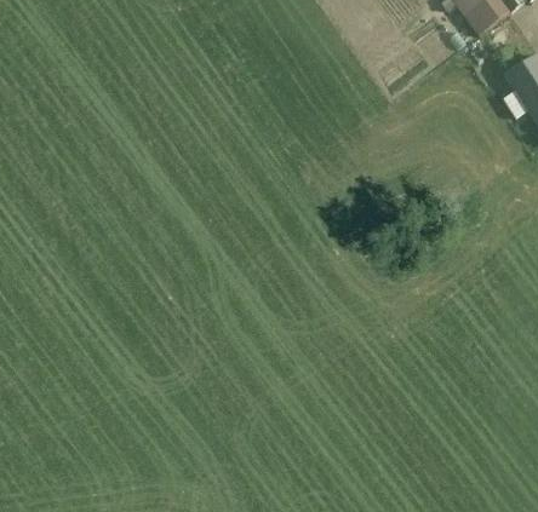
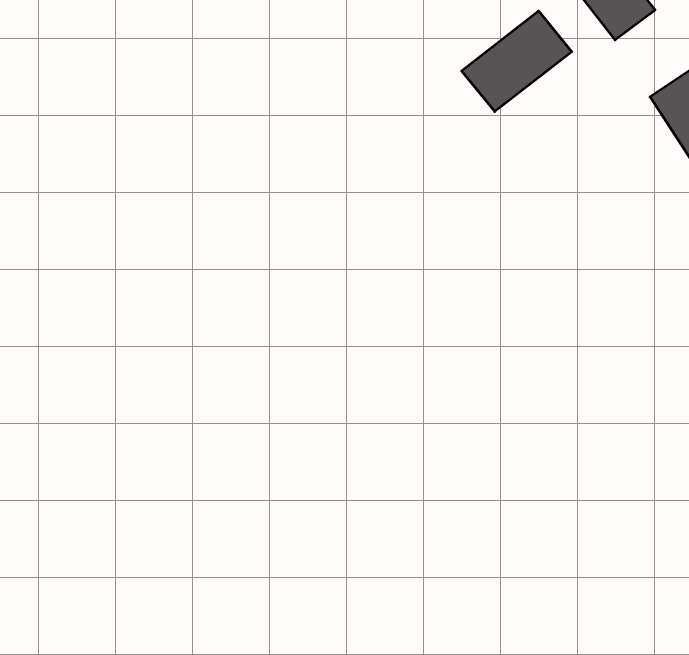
building: none -> [462,11,572,112]

